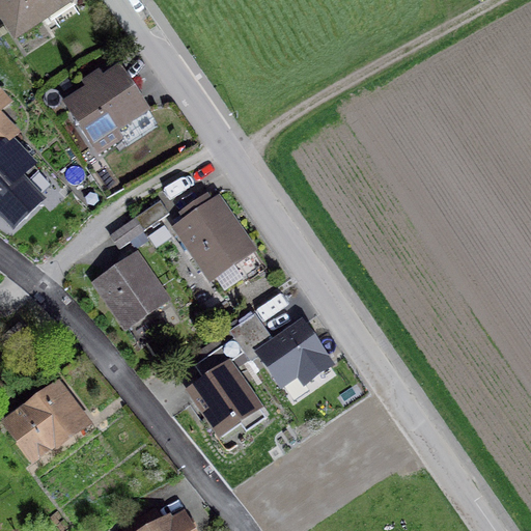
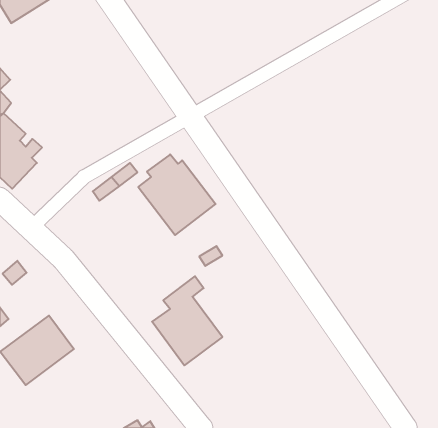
building: [62,63,148,144] -> none
building: [91,250,171,331] -> none
building: [259,318,336,399] -> none

